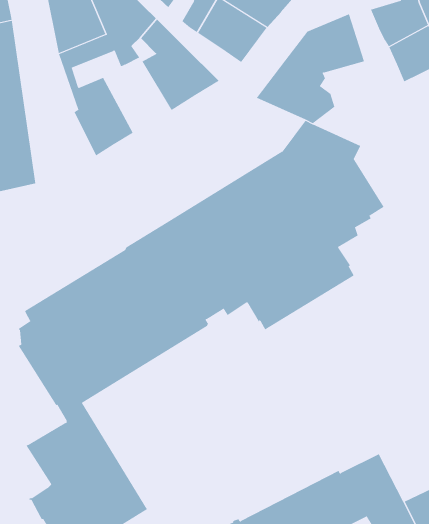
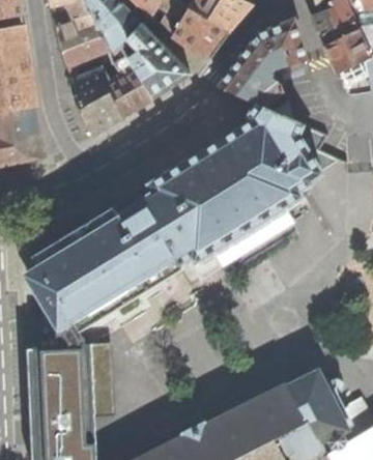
building: none -> [97,55,151,115]

